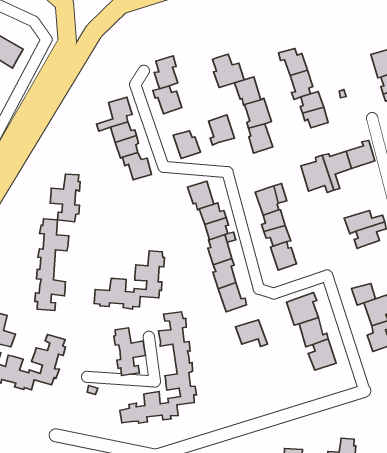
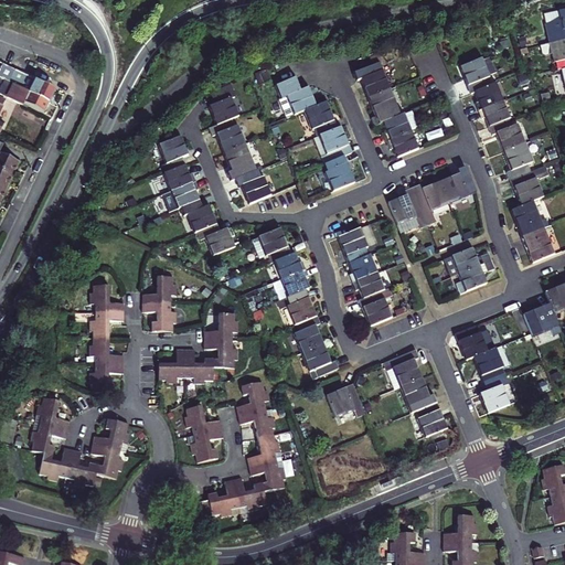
building: [208,115,235,145] -> [224,142,256,179]
building: [50,174,80,222] -> [142,275,177,330]
building: none -> [198,223,234,254]

